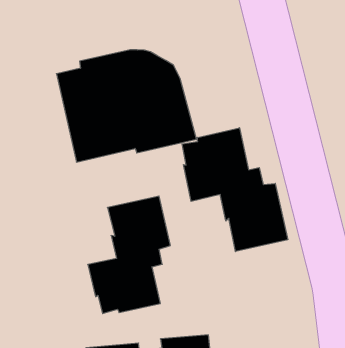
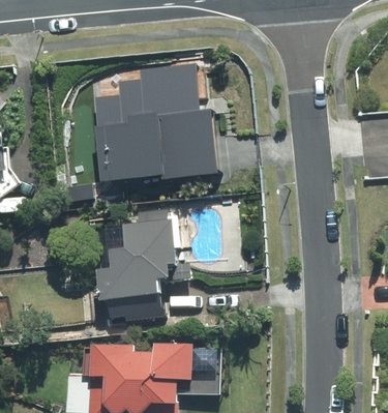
building: [182,128,288,252] -> none

